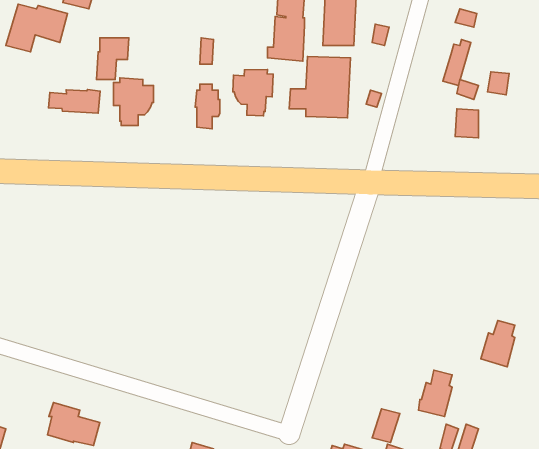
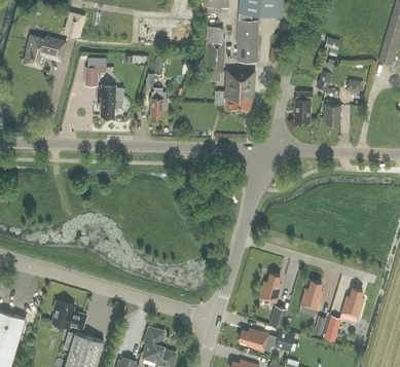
building: [233,69,273,116] -> none
building: none -> [293,91,310,123]
building: [49,90,100,113] -> none
building: [481,321,515,367] -> [340,287,363,318]
building: none -> [258,272,281,304]

